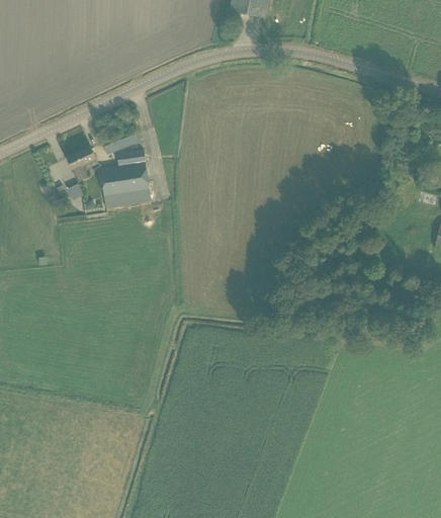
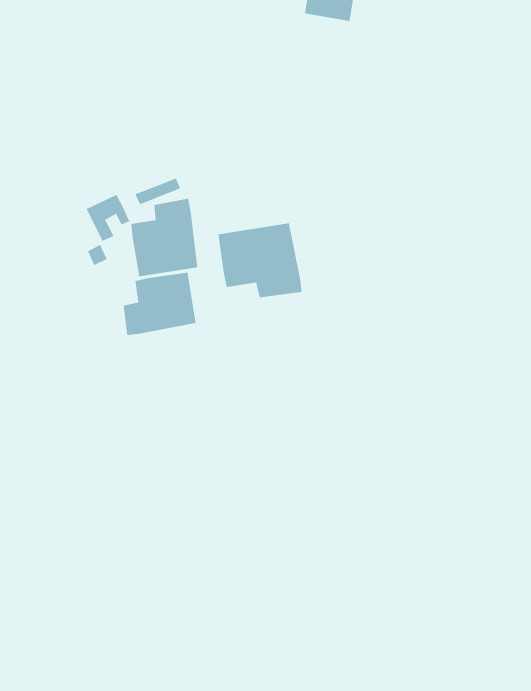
building: none -> [218,223,302,298]
building: none -> [123,272,196,336]

